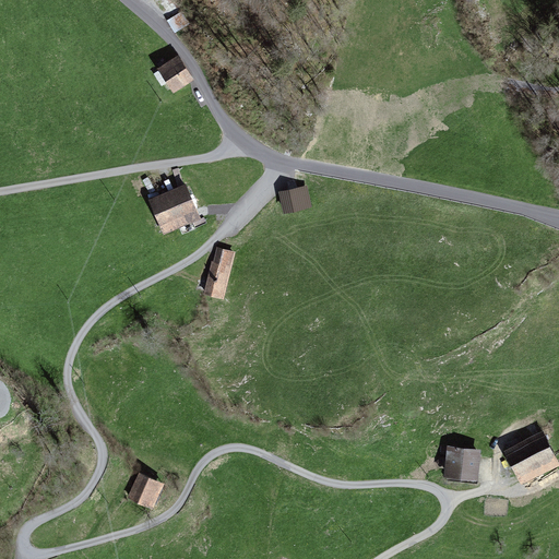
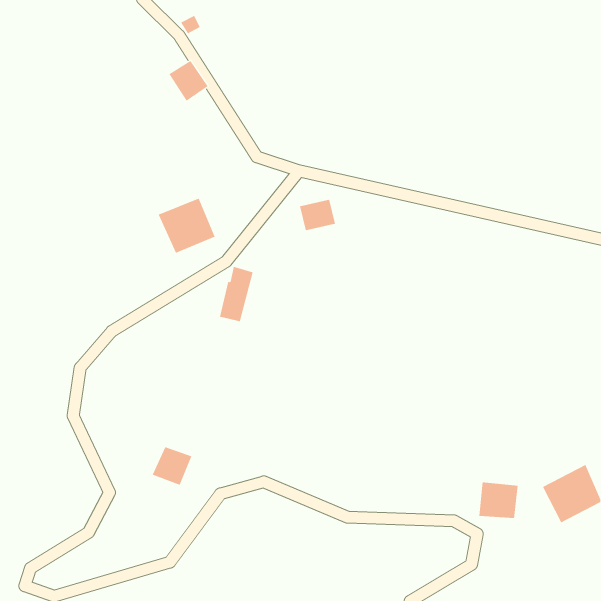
building: [126,474,163,510] -> [152,447,192,486]

